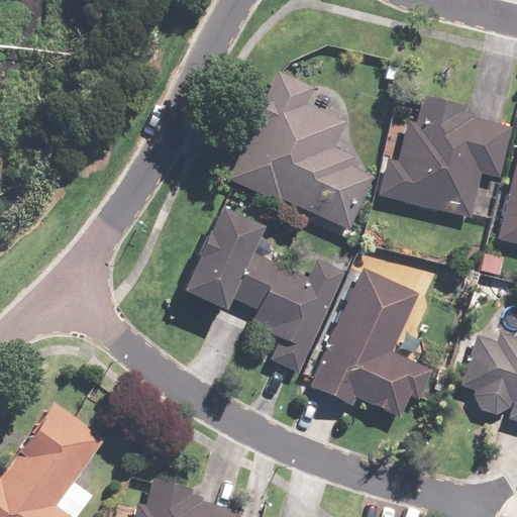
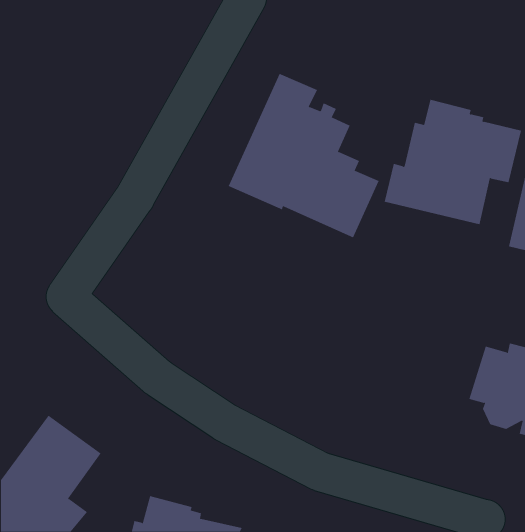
building: [179,210,346,374] -> none
building: [311,268,433,418] -> none

